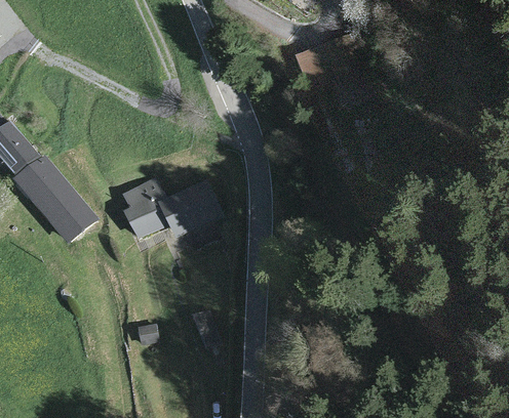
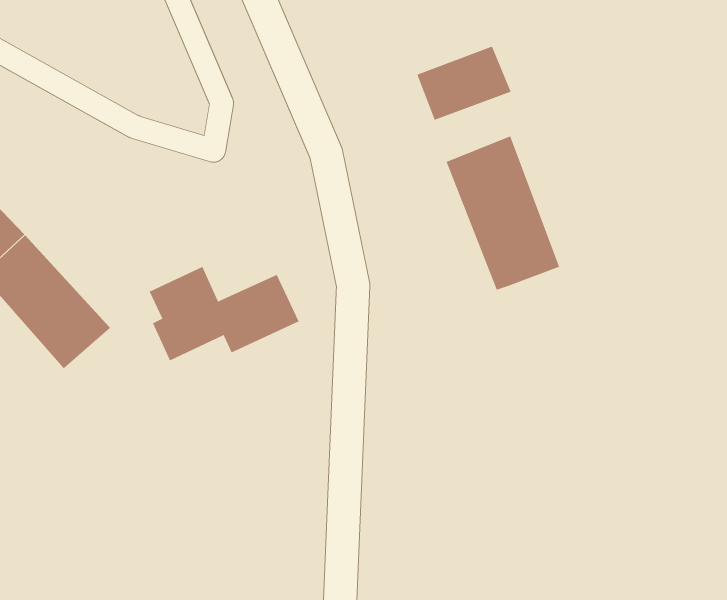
building: none -> [446,135,560,290]

